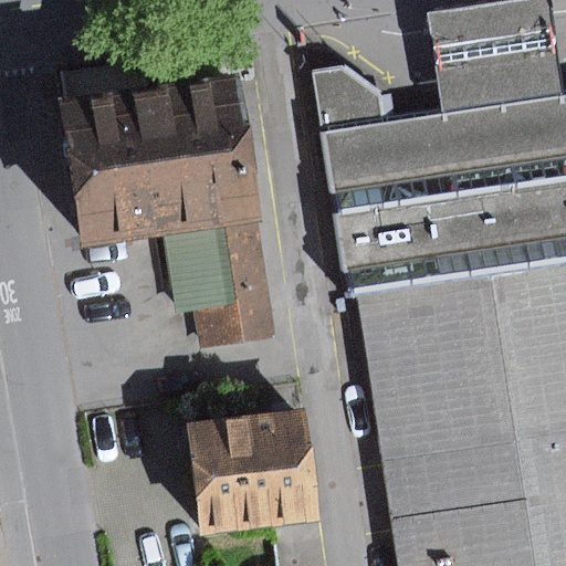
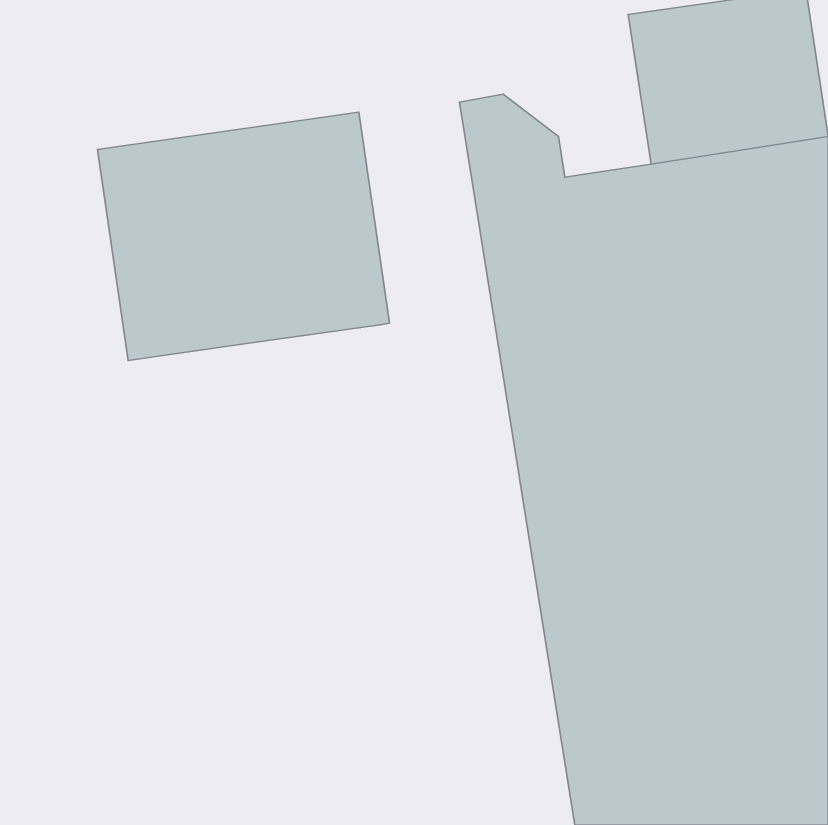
building: [165,221,275,345] -> none
building: [190,408,321,533] -> none

